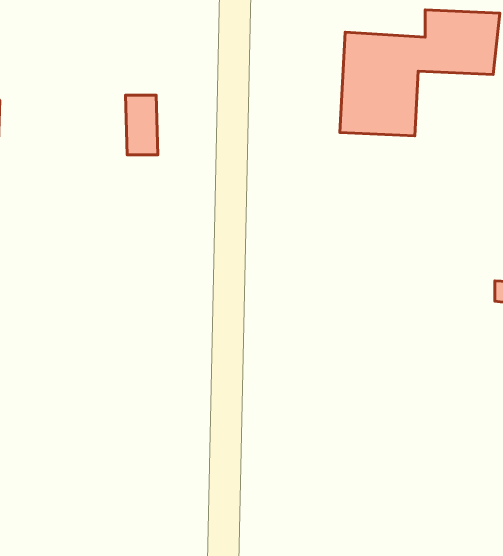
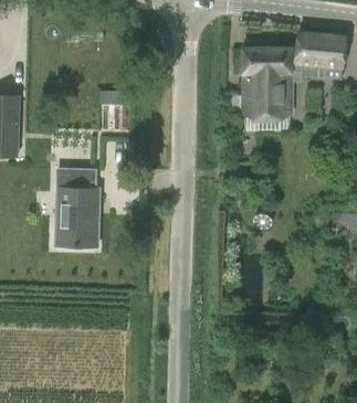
building: none -> [54,169,94,247]

